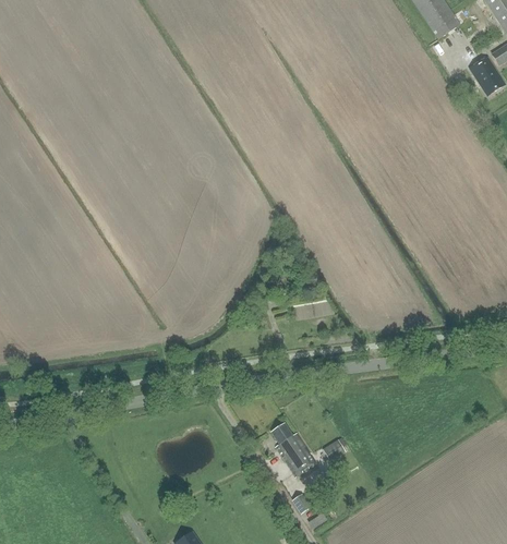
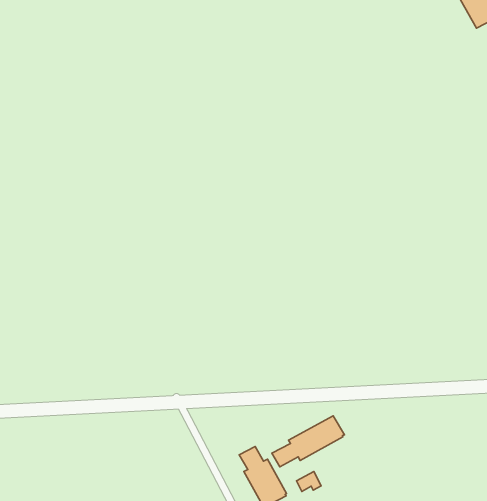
building: none -> [272,416,345,467]

